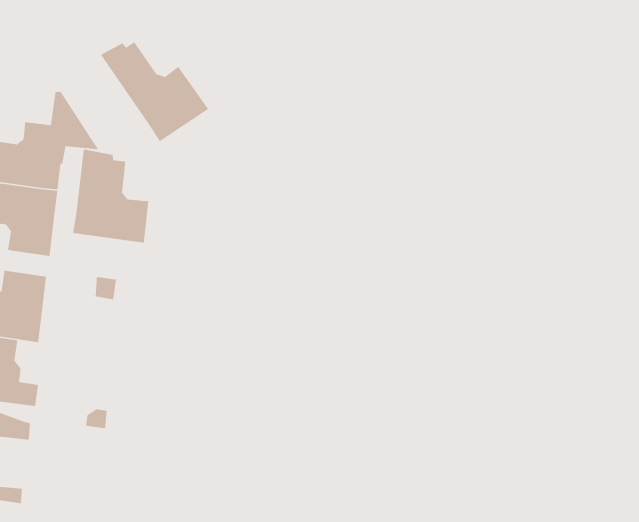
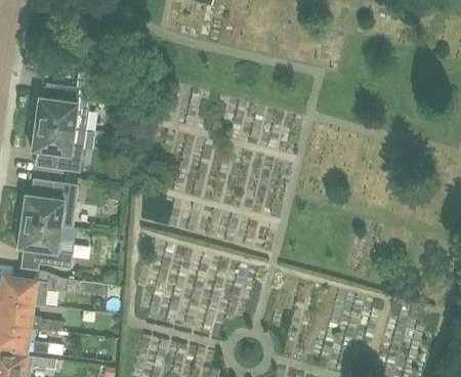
building: [100,41,209,142] -> none
building: [72,149,149,244] -> none

